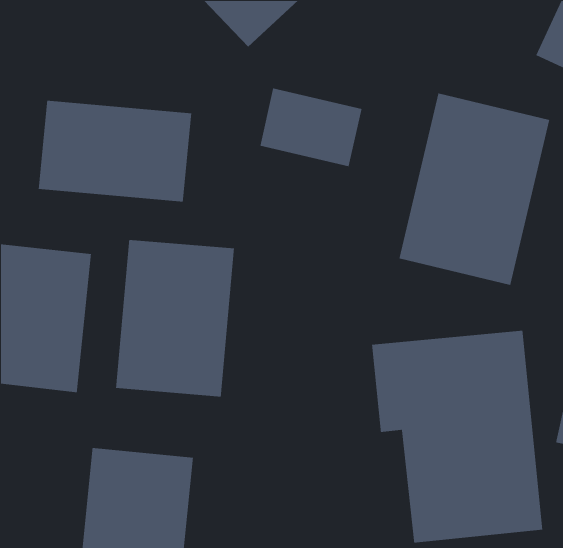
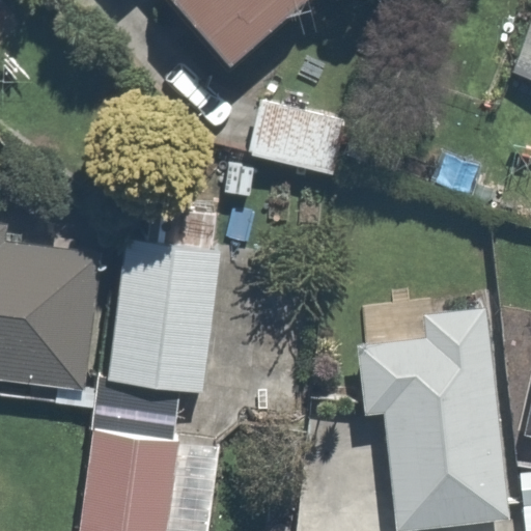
building: [399,92,550,286] -> none
building: [38,100,192,202] -> none

